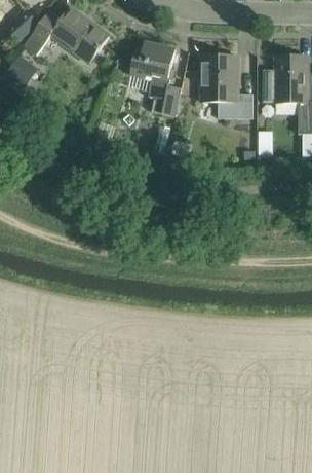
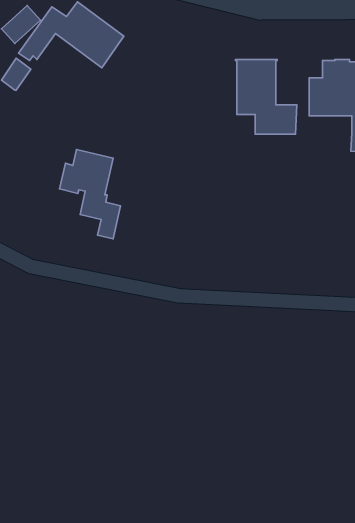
building: [129,41,181,116] -> [59,150,121,239]

